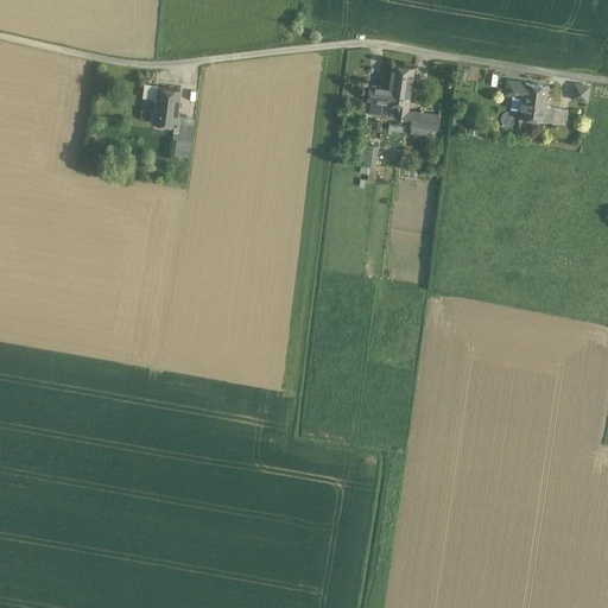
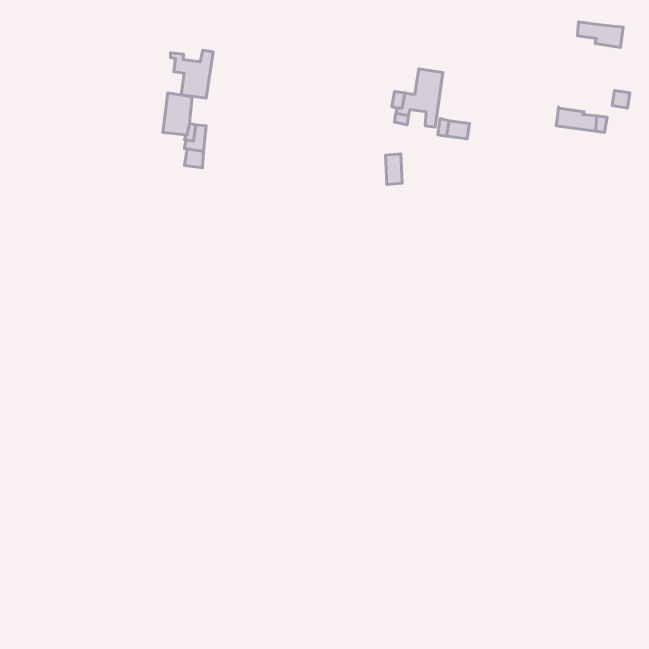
building: none -> [170,50,213,98]
building: [505,82,547,106] -> [577,22,623,47]

